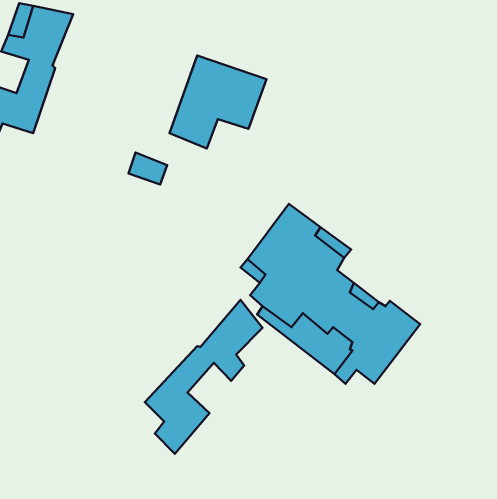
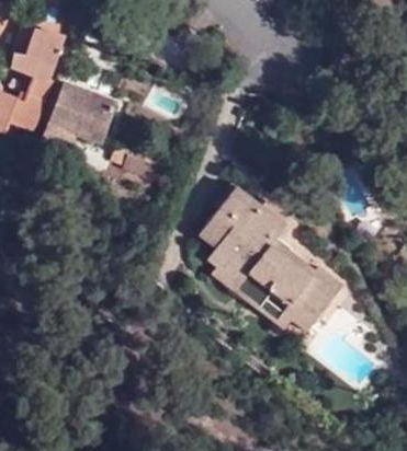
building: [170,56,266,148] -> [38,84,115,158]
building: [145,300,262,454] -> none

